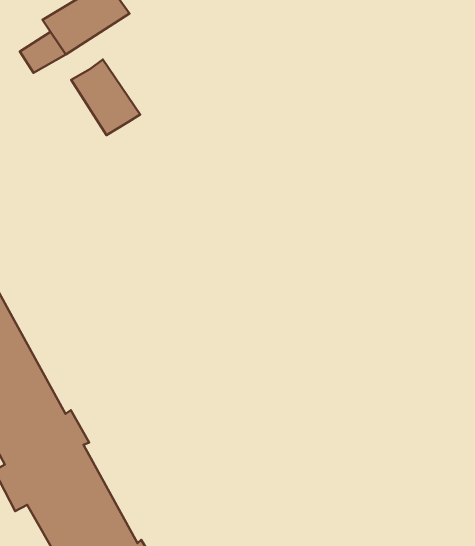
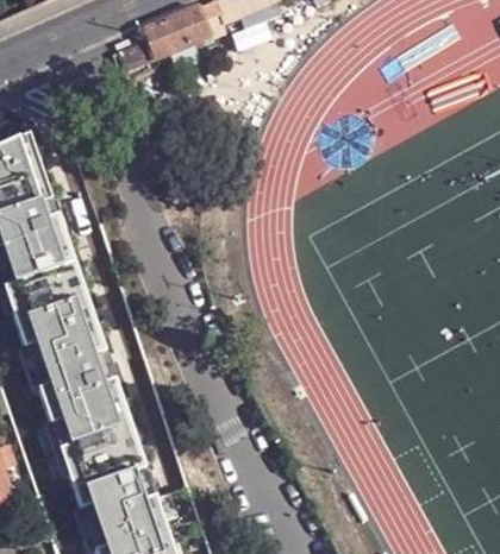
building: [71,60,140,135] -> none

